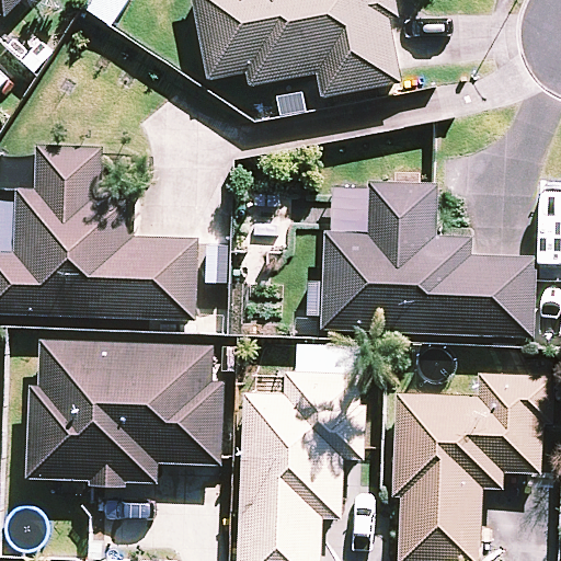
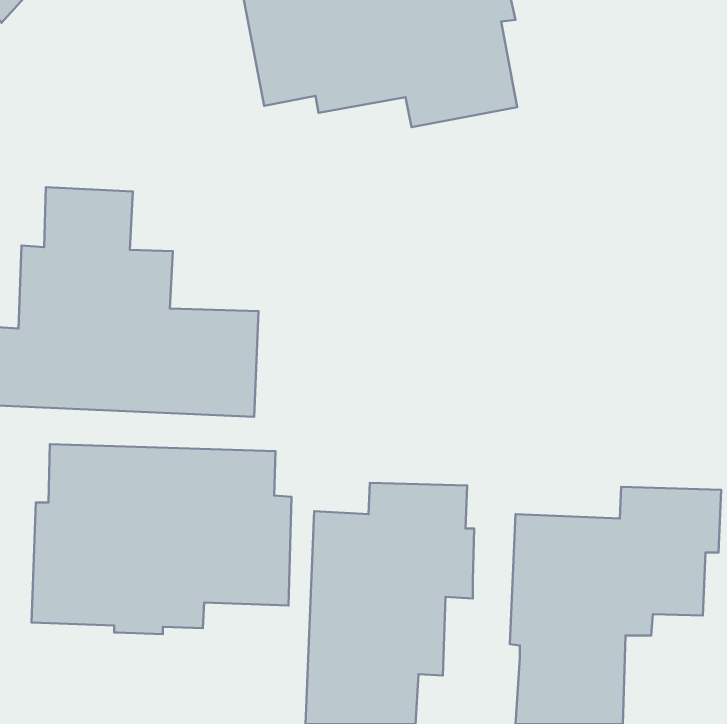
building: [319,181,535,337] -> none

